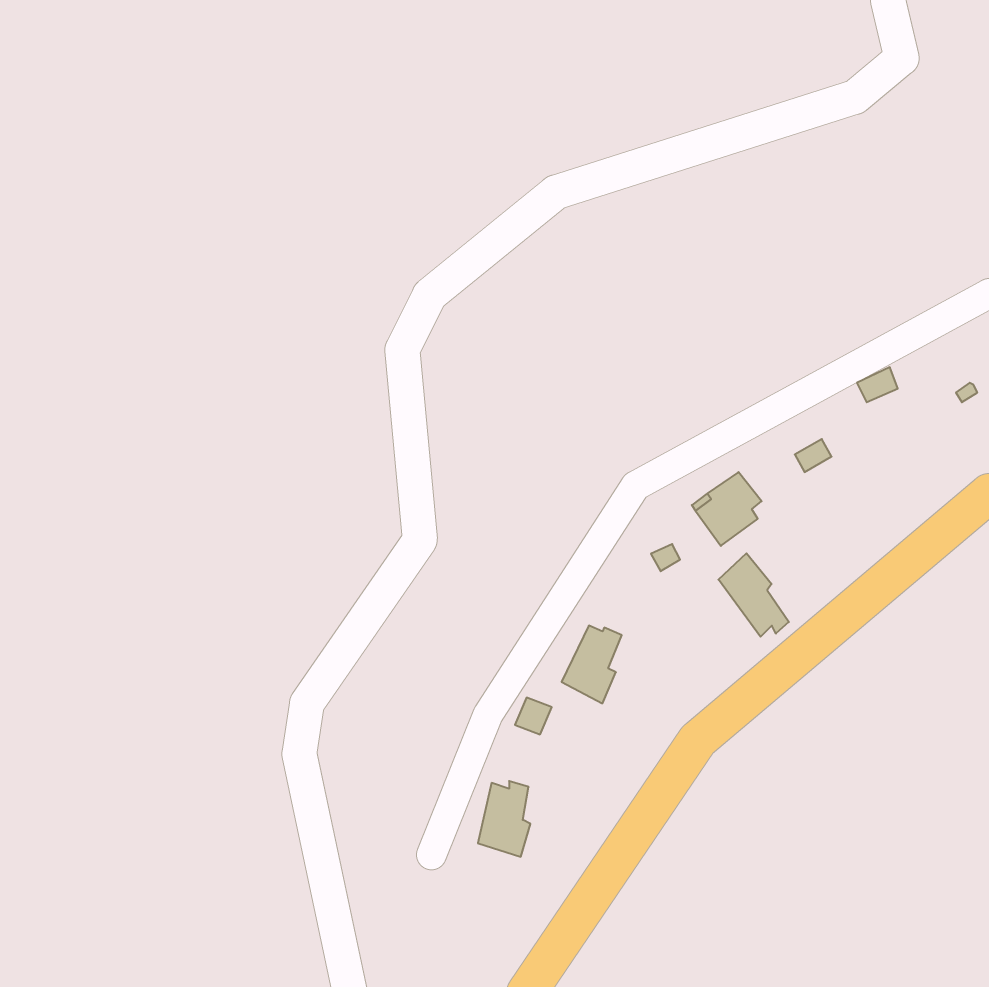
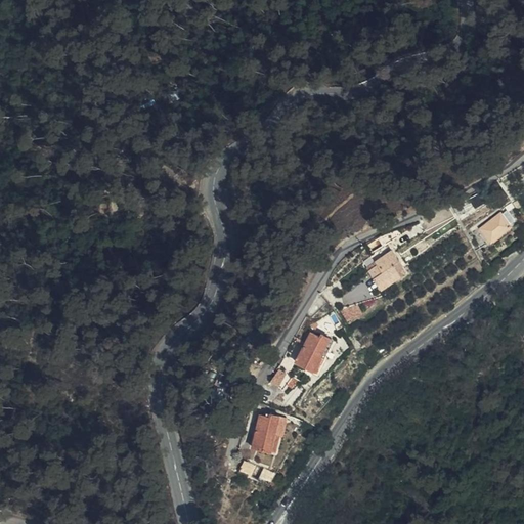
building: none -> [480,215,511,244]
building: [718,553,789,637] -> none

